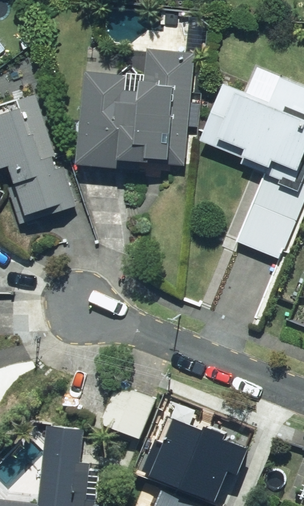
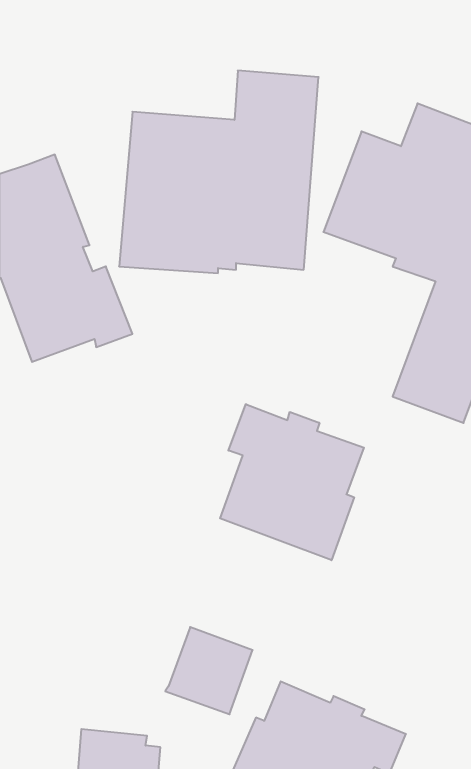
building: none -> [220,404,364,560]

